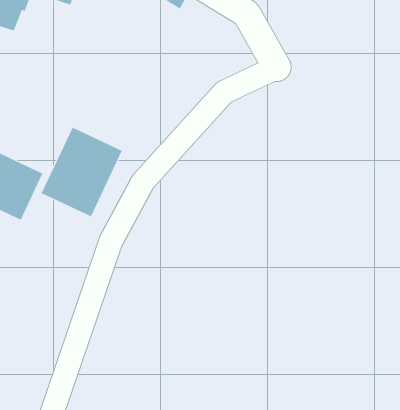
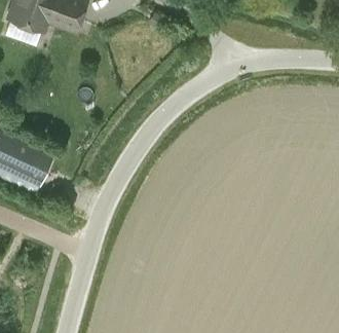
building: [41,127,123,217] -> none

